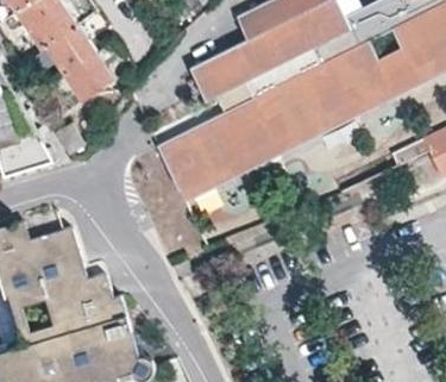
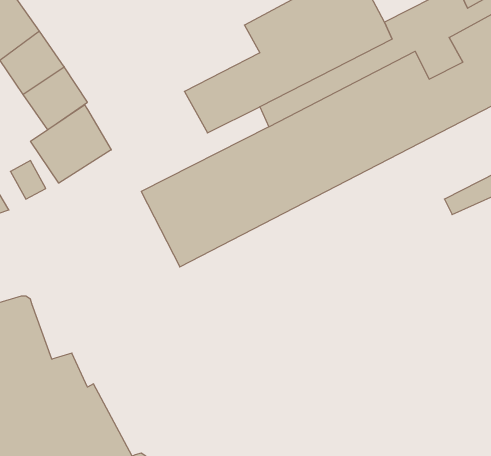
building: none -> [31,105,111,183]

